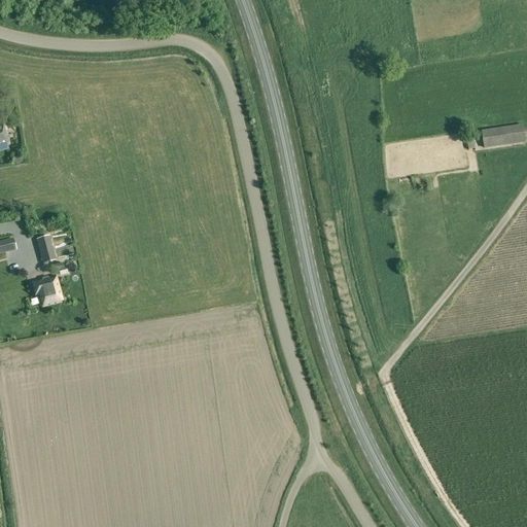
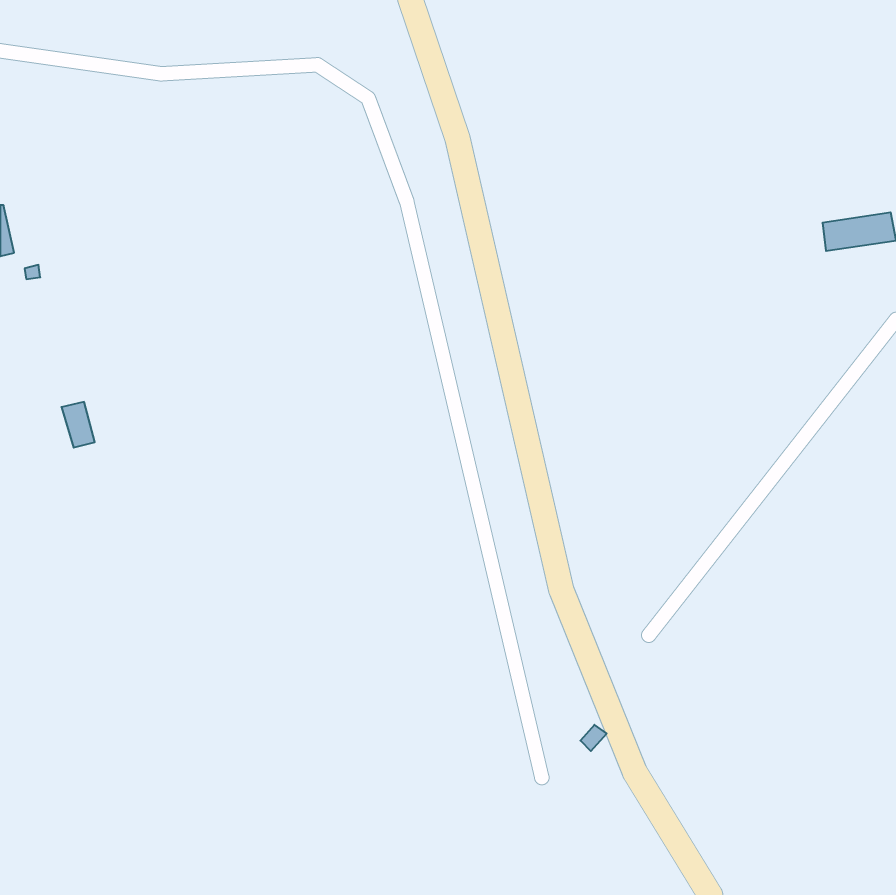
building: [32,274,63,305] -> none

